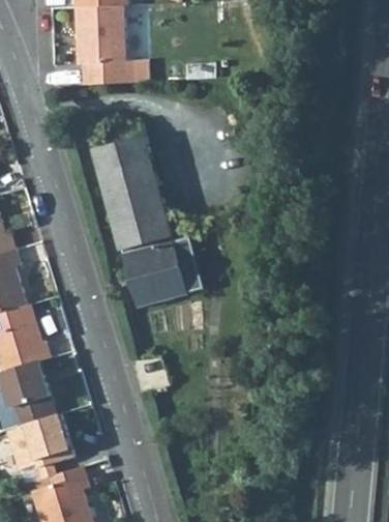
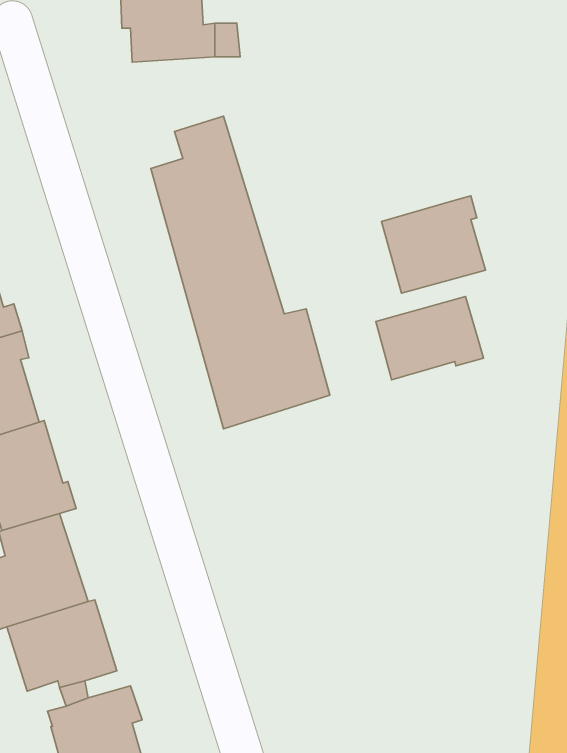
building: none -> [381,196,486,293]
building: none -> [376,297,483,380]

